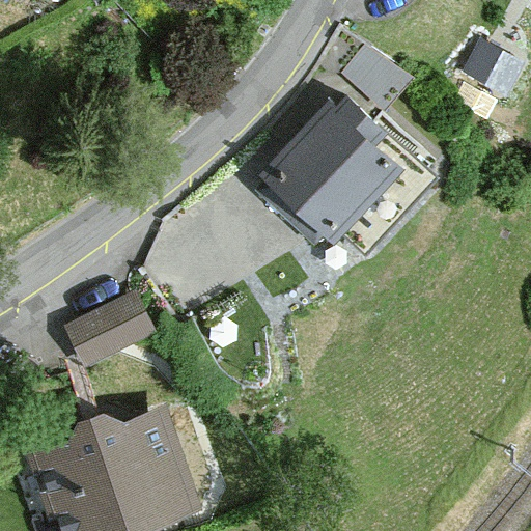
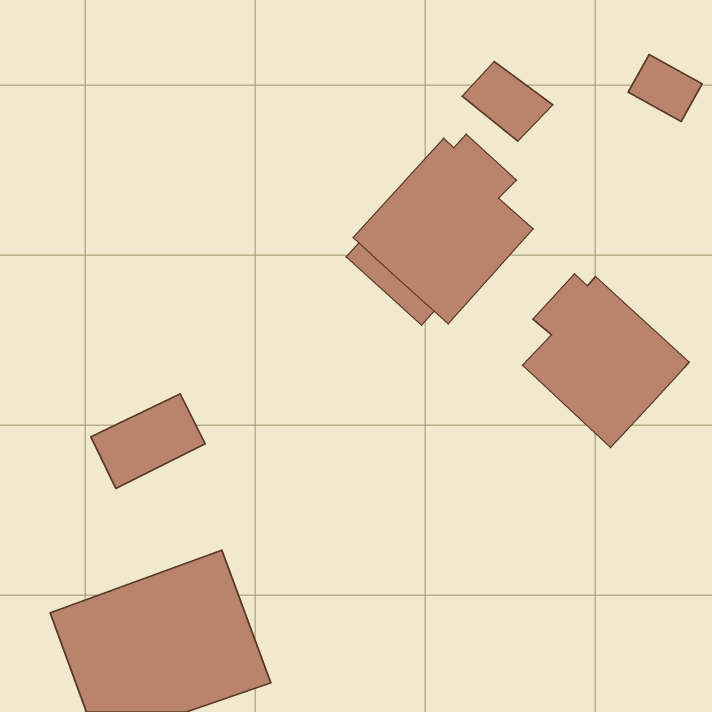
building: none -> [522,274,689,448]

